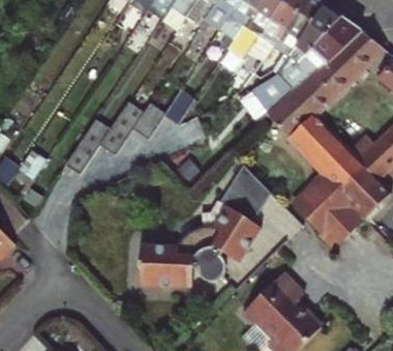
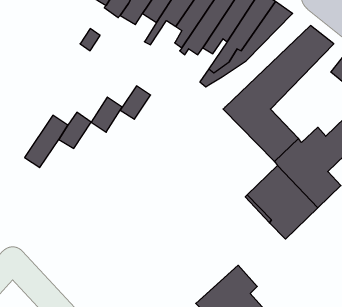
building: [251,17,359,113] -> none
building: [137,166,273,285] -> none

